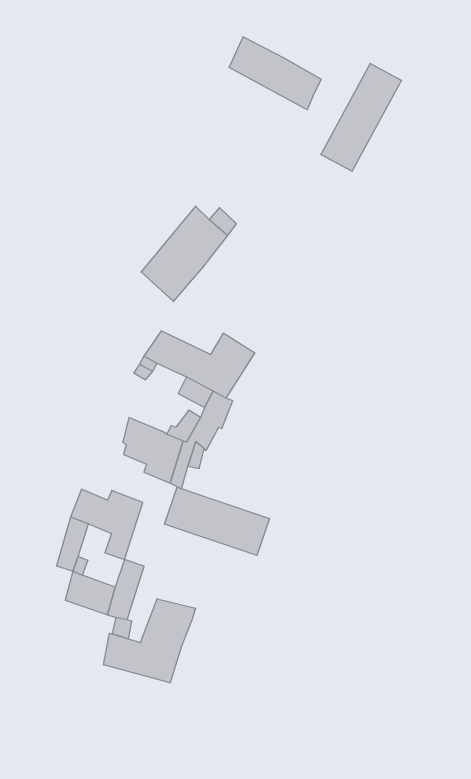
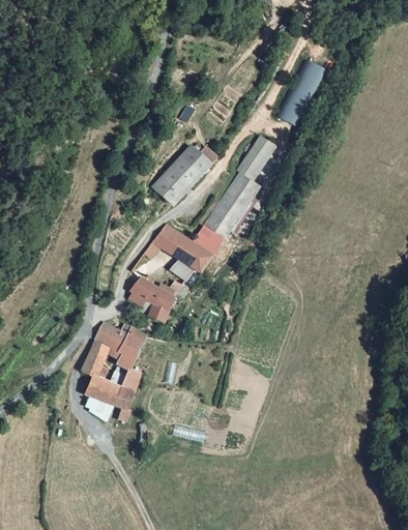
building: [229,37,321,110] -> none
building: none -> [203,136,276,241]
building: [165,487,270,555] -> none
building: [104,599,195,683] -> none

